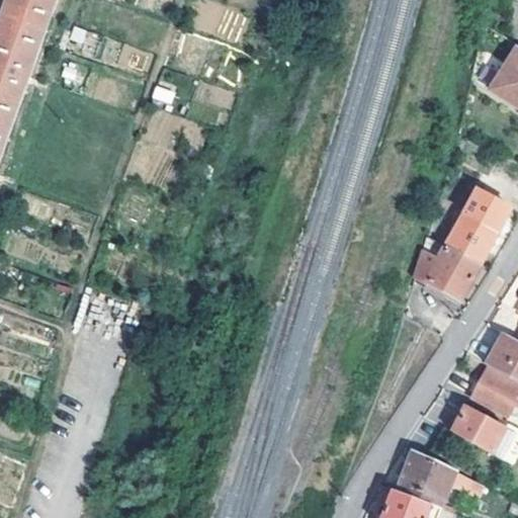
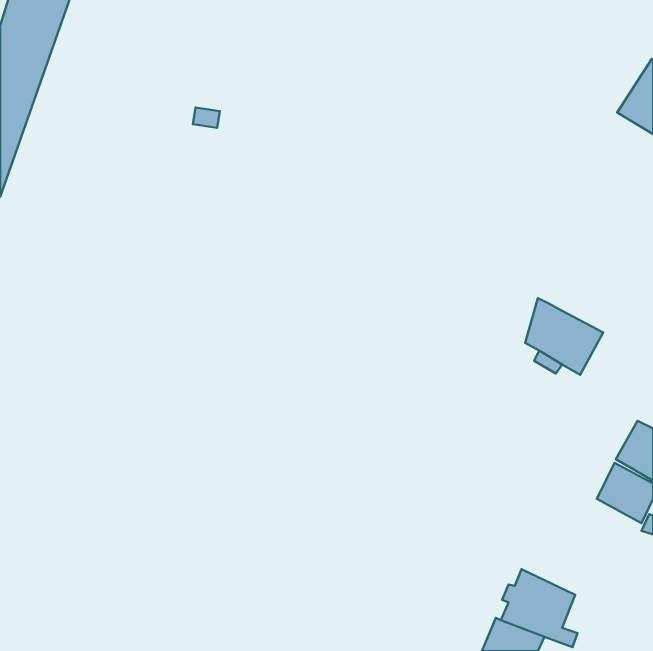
building: [445,189,510,263] -> none
building: [453,404,506,450] -> none

